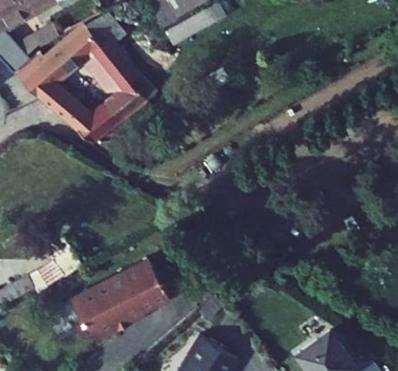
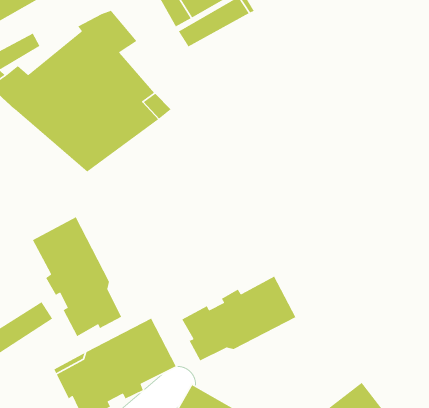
building: none -> [32,216,122,337]
building: none -> [181,276,296,362]

